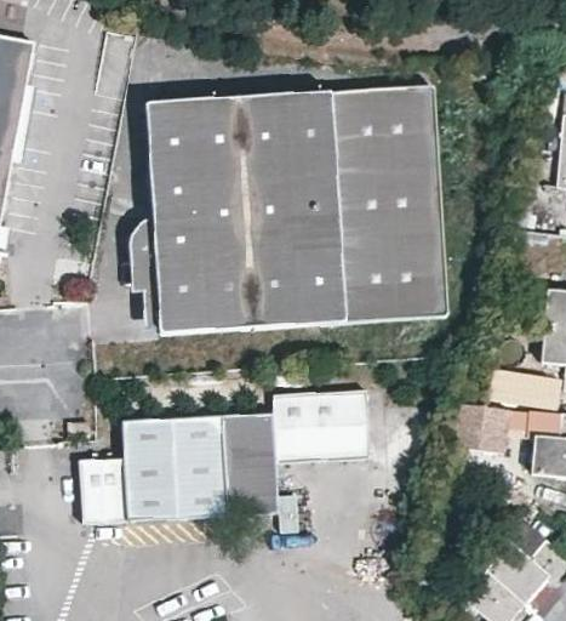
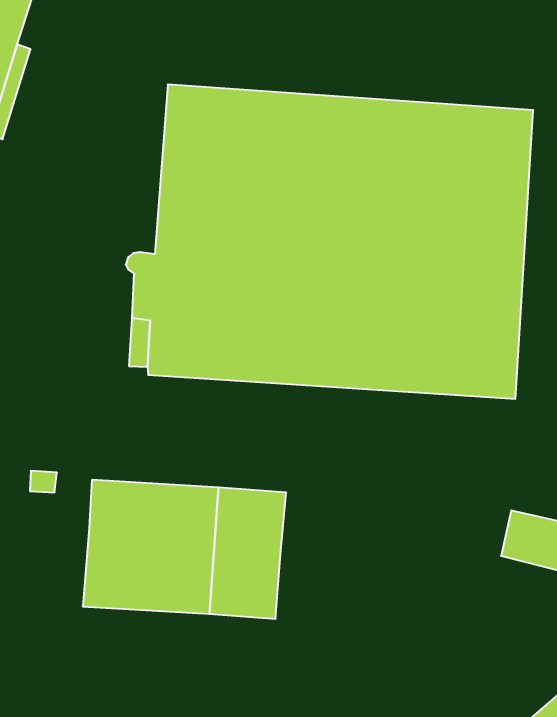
building: [275,387,371,460] -> none
building: [79,457,128,522] -> none

